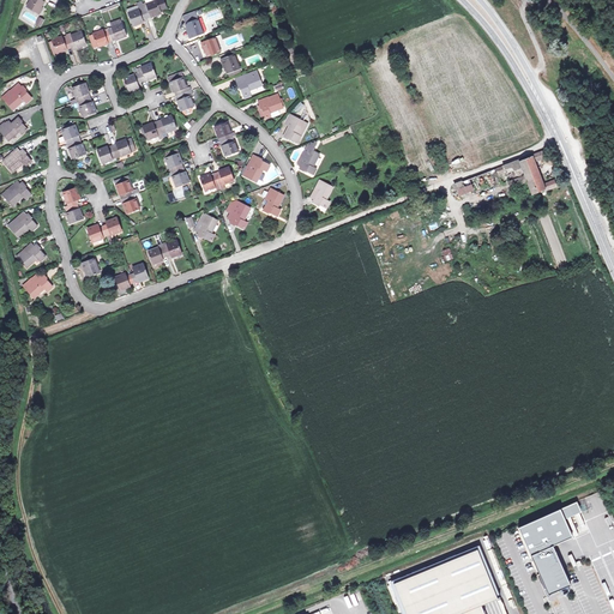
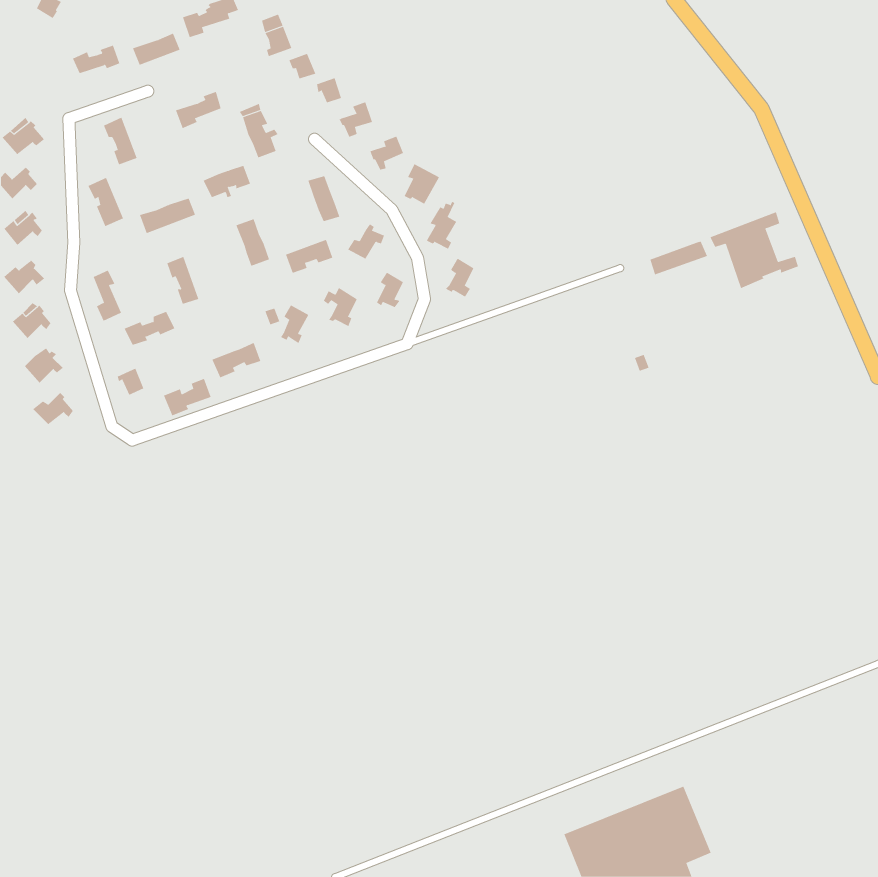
building: [518,500,582,594] -> none

